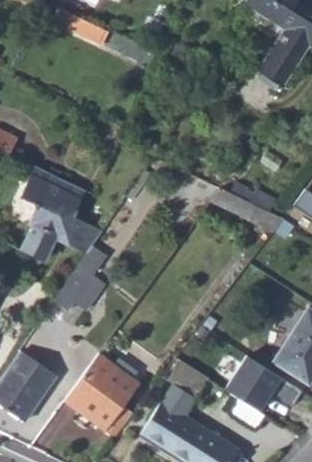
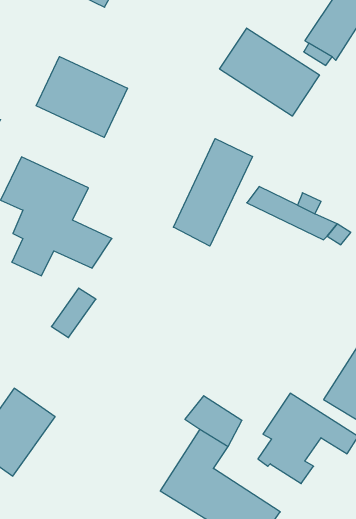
building: none -> [220,28,319,116]
building: none -> [36,57,127,137]
building: none -> [173,139,252,246]
building: [64,354,140,438] -> none

